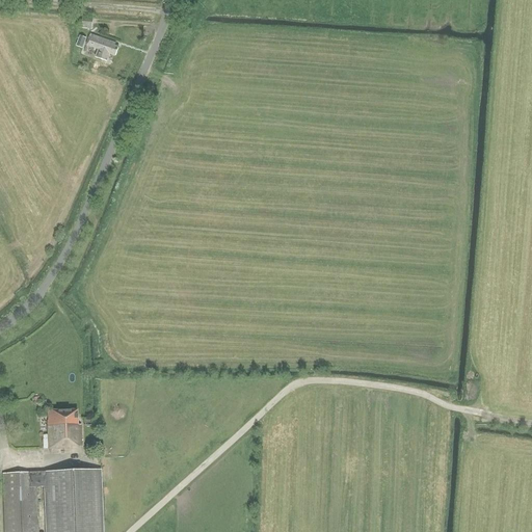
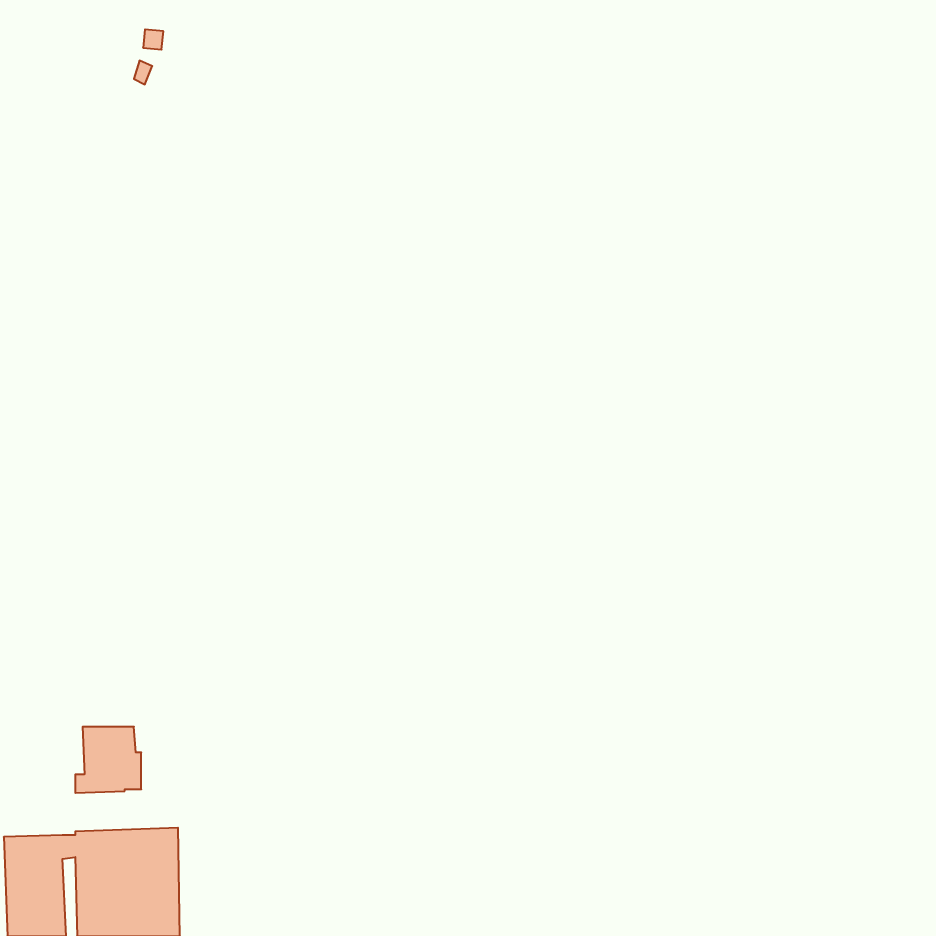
building: [87,34,118,62] -> none

